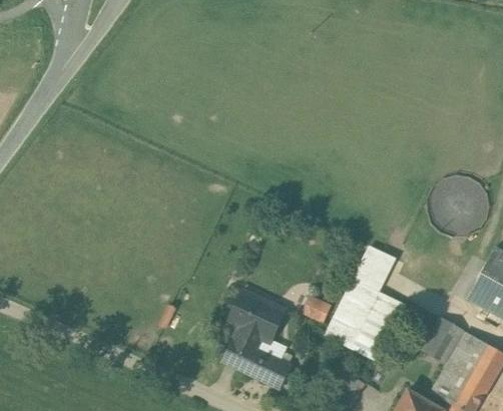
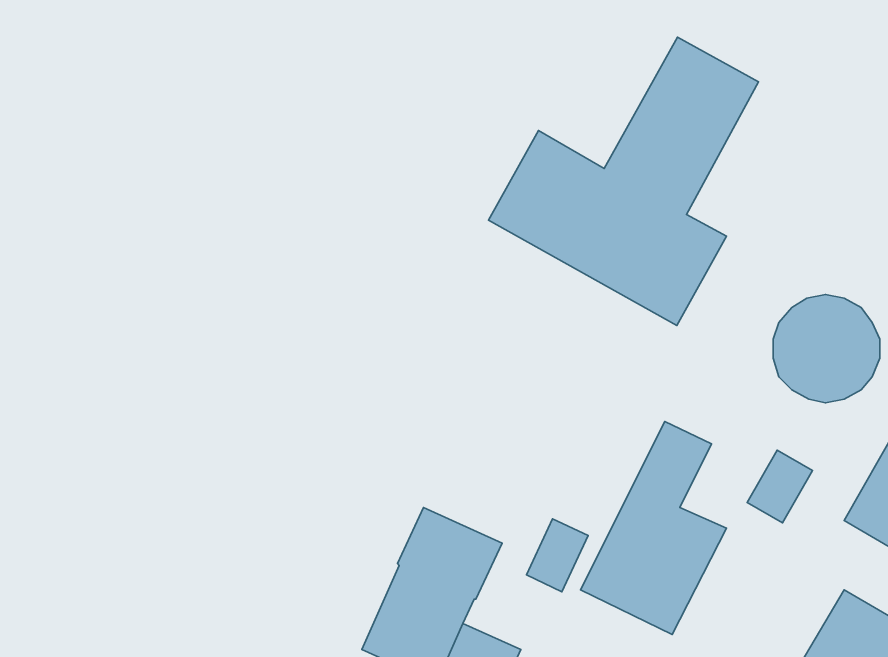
building: none -> [489,37,759,326]
building: [427,317,462,356] -> [747,450,813,523]

